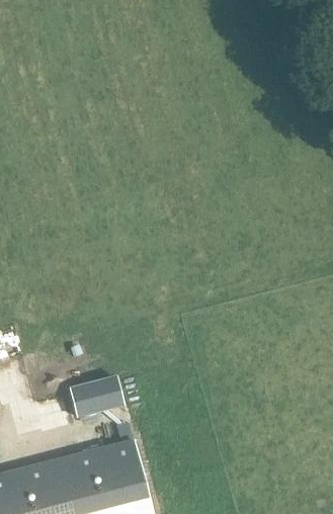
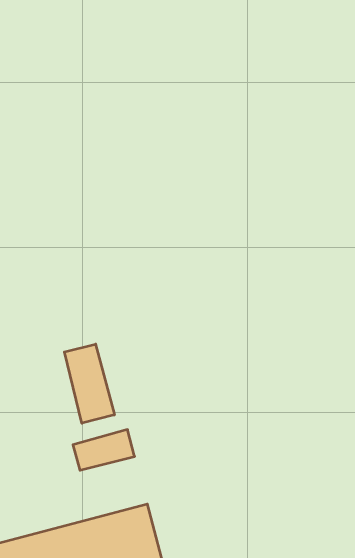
building: none -> [64,344,114,423]

